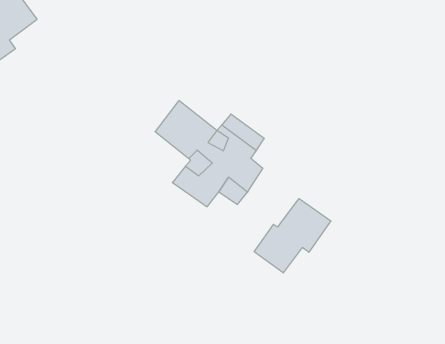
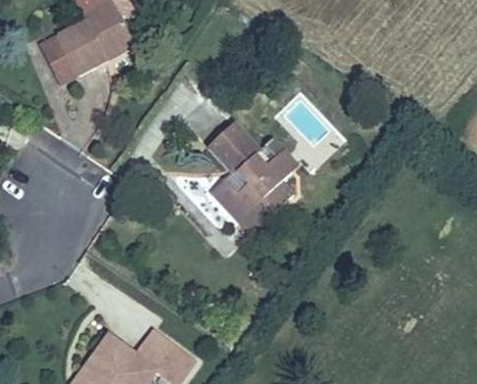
building: [254,199,331,273] -> none

